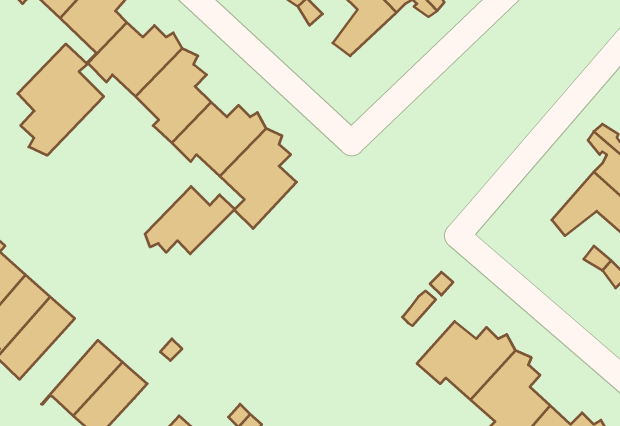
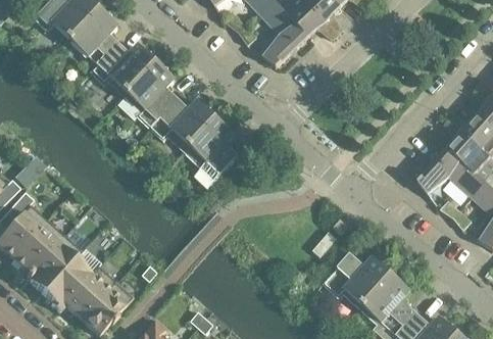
building: [18,44,104,155] -> none
building: [145,186,235,254] -> none
building: none -> [43,250,98,310]

